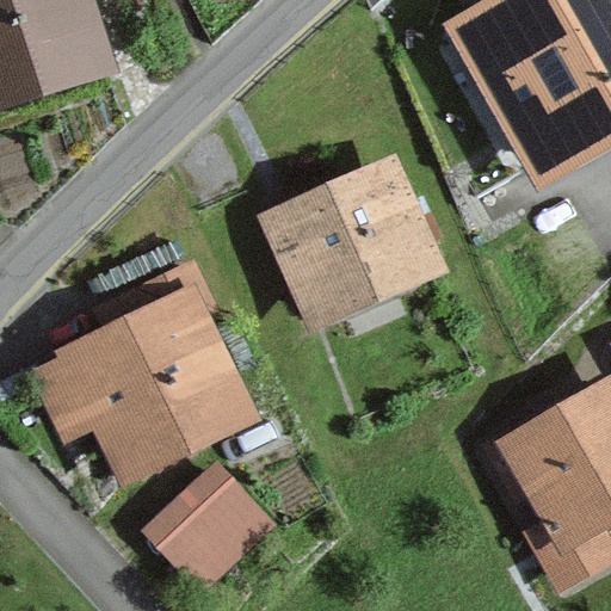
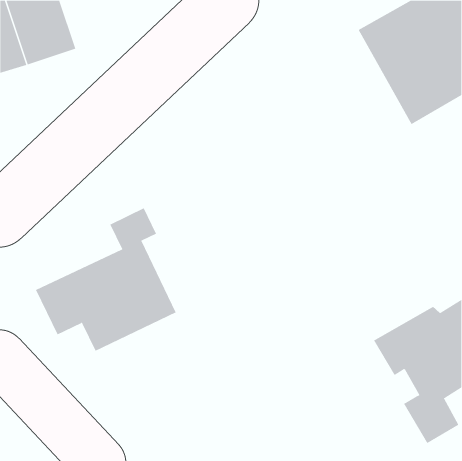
building: [296,183,427,306] -> none
building: [154,480,255,580] -> none

